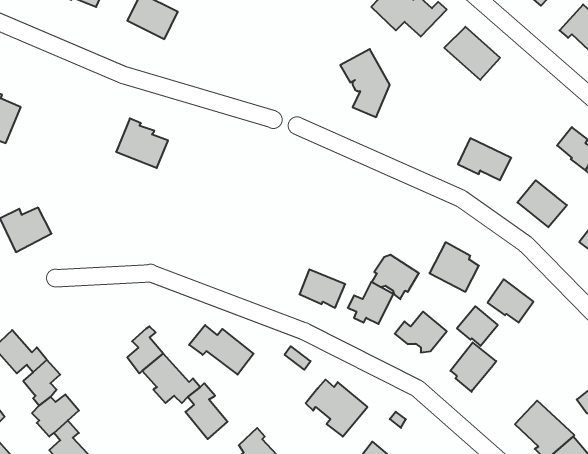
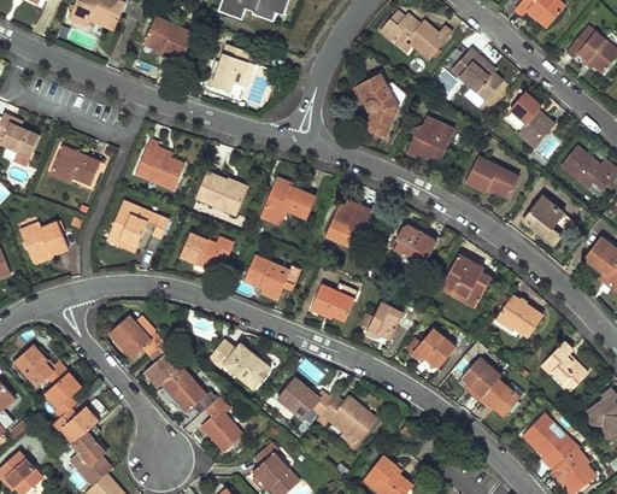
building: none -> [211,43,252,90]
building: none -> [511,94,554,149]
building: none -> [407,119,454,163]
building: none -> [49,143,100,182]
building: none -> [195,166,247,211]
building: none -> [259,175,313,222]
building: none -> [324,198,371,242]
building: none -> [107,204,169,253]
building: none -> [180,233,233,270]
building: none -> [245,257,301,300]
building: [372,255,419,299] -> [390,222,436,265]
building: none -> [110,316,163,358]
building: [457,306,498,346] -> [481,381,521,419]
building: none -> [540,343,586,393]
building: none -> [276,378,330,421]

